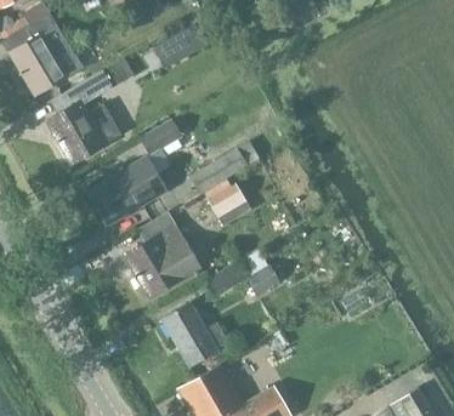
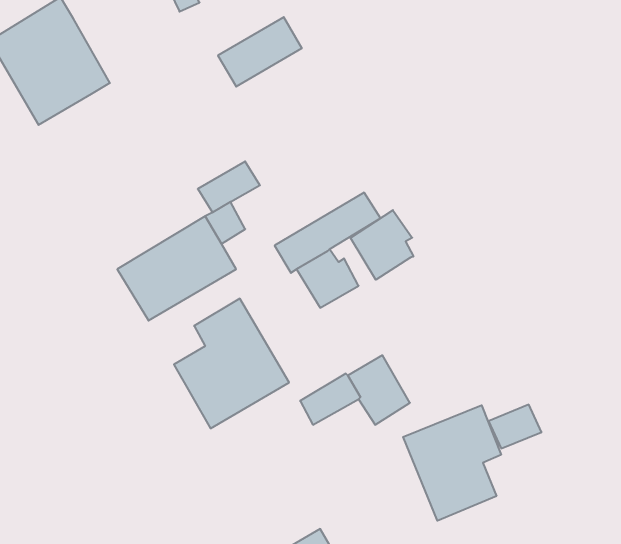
building: [46,70,121,165] -> none
building: none -> [350,210,413,280]
building: none -> [403,405,501,521]
building: [160,303,229,367] -> none

